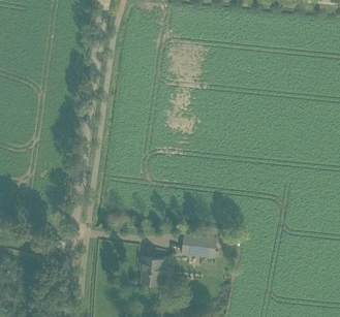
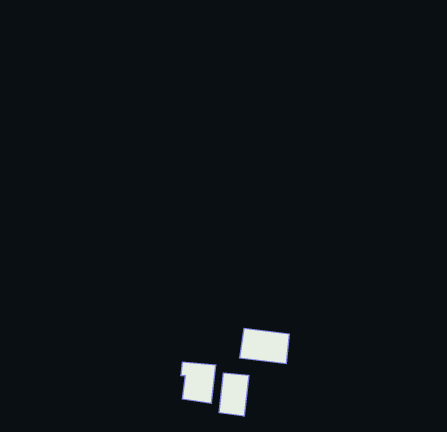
building: none -> [219,373,249,416]

